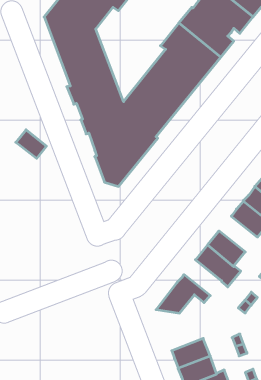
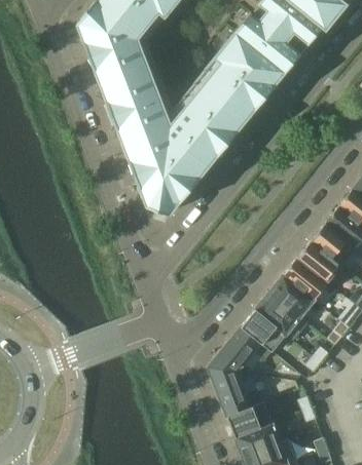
building: [16,130,46,158] -> none
building: none -> [284,258,329,300]
building: none -> [243,309,287,351]
building: none -> [210,367,265,416]

